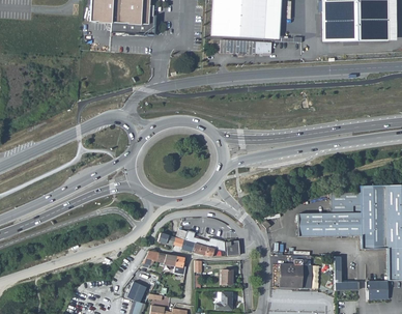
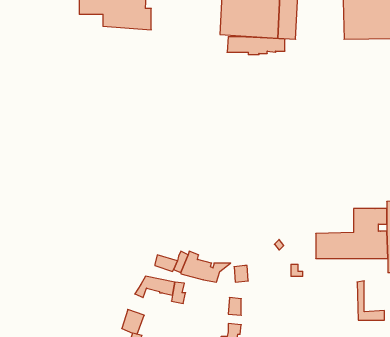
building: [279,259,307,287] -> none

